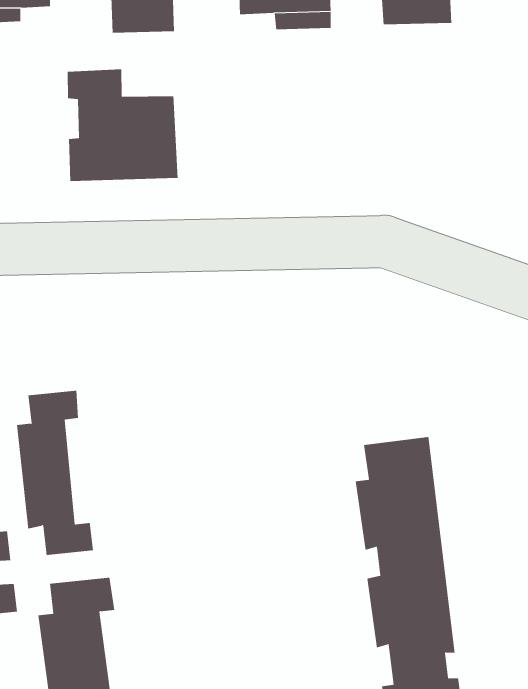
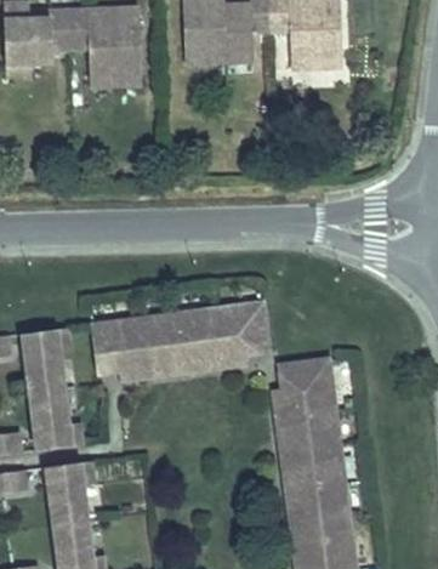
building: [67,68,178,182] -> none
building: none -> [91,312,269,387]

